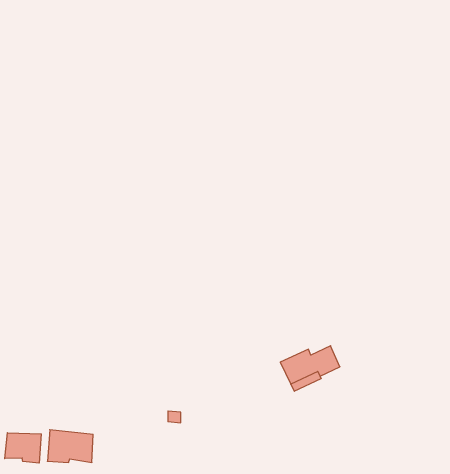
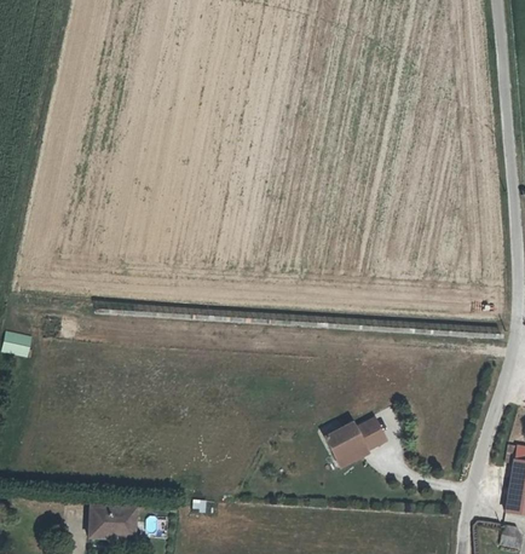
building: [5,433,41,463] -> none

